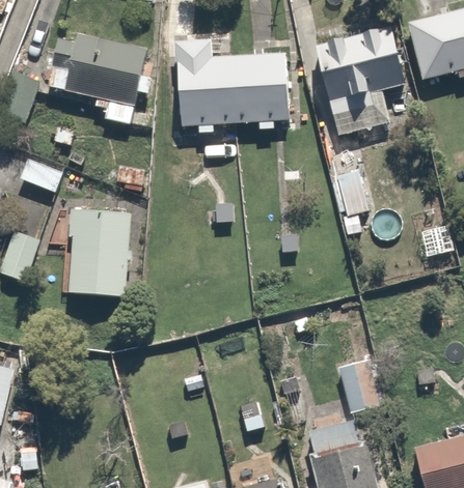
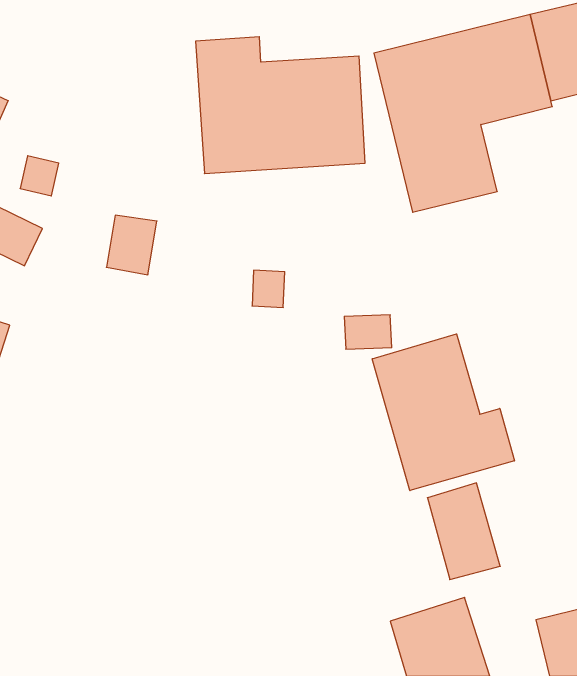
building: [49,32,149,130] -> none
building: [61,204,135,303] -> none
building: none -> [372,334,514,491]

